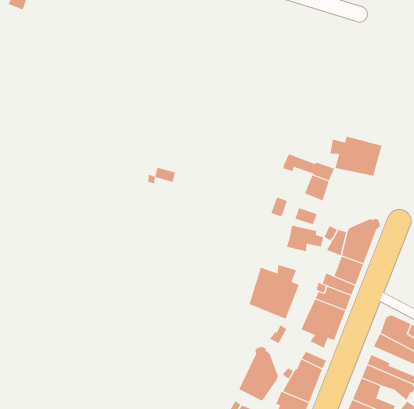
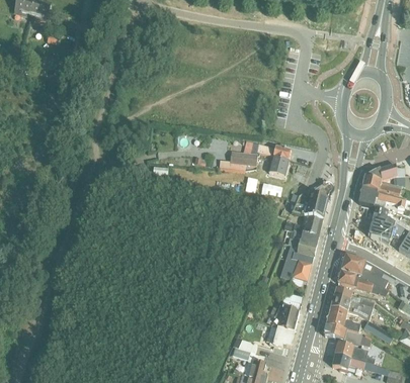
building: [330,136,382,177] -> none
building: [286,225,324,252] -> [228,149,256,168]
building: [249,264,299,319] -> none
building: [238,346,279,401] -> none

